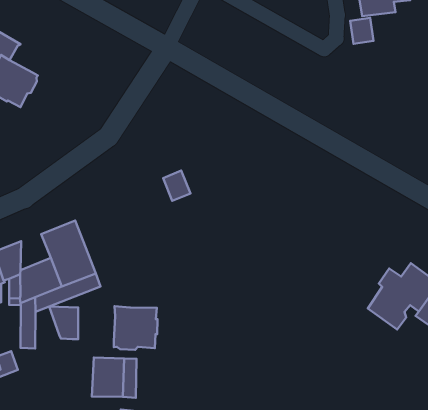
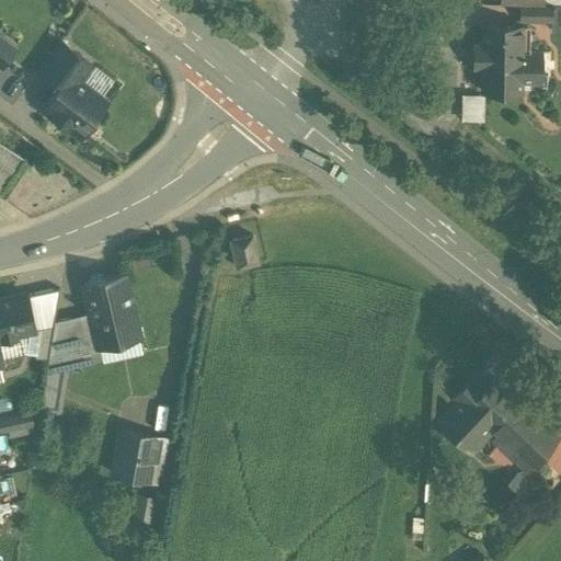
building: none -> [76,67,112,101]
building: [114,306,157,350] -> none
building: [49,306,78,339] -> none

